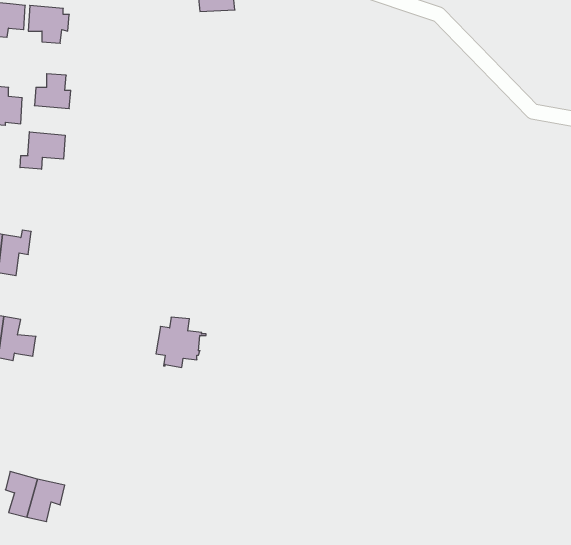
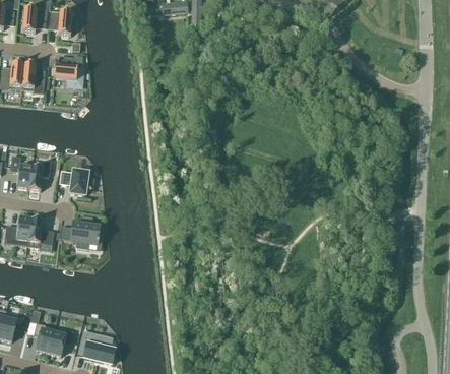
building: [20,132,65,169] -> none
building: none -> [60,169,88,194]
building: [156,317,206,367] -> [70,214,104,248]
building: none -> [77,329,115,363]

